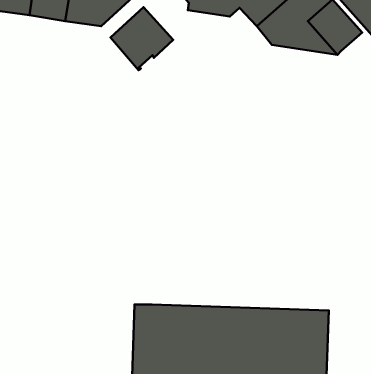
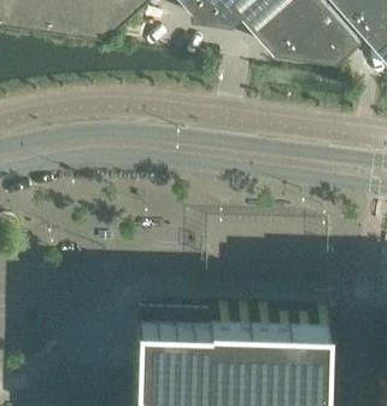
building: [110,7,173,70] -> none

